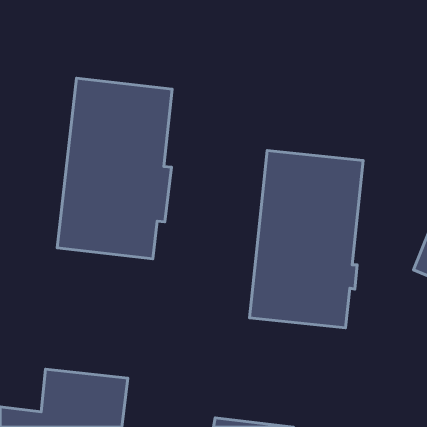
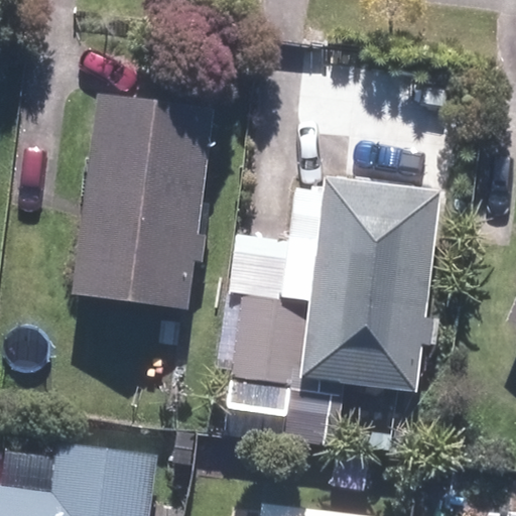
building: none -> [235,295,310,385]

